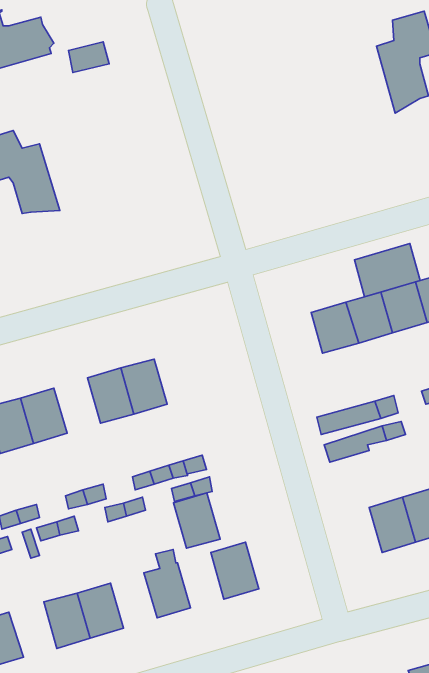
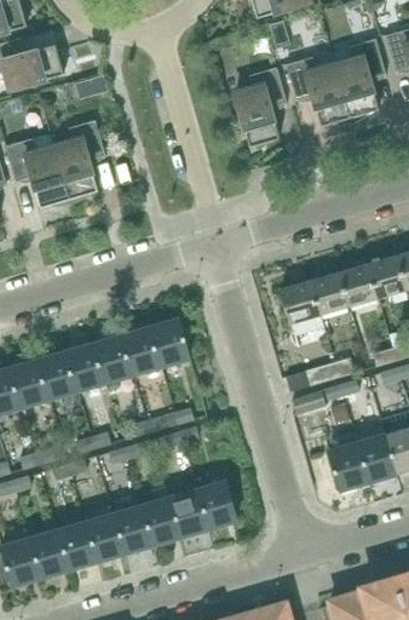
building: none -> [286,57,351,126]
building: none -> [235,68,288,150]
building: none -> [54,120,106,205]
building: [354,244,420,297] -> none
building: none -> [150,320,190,366]
building: none -> [67,344,105,390]
building: [174,493,220,548] -> [169,489,208,535]
building: none -> [114,506,152,552]
building: none -> [29,530,69,576]

